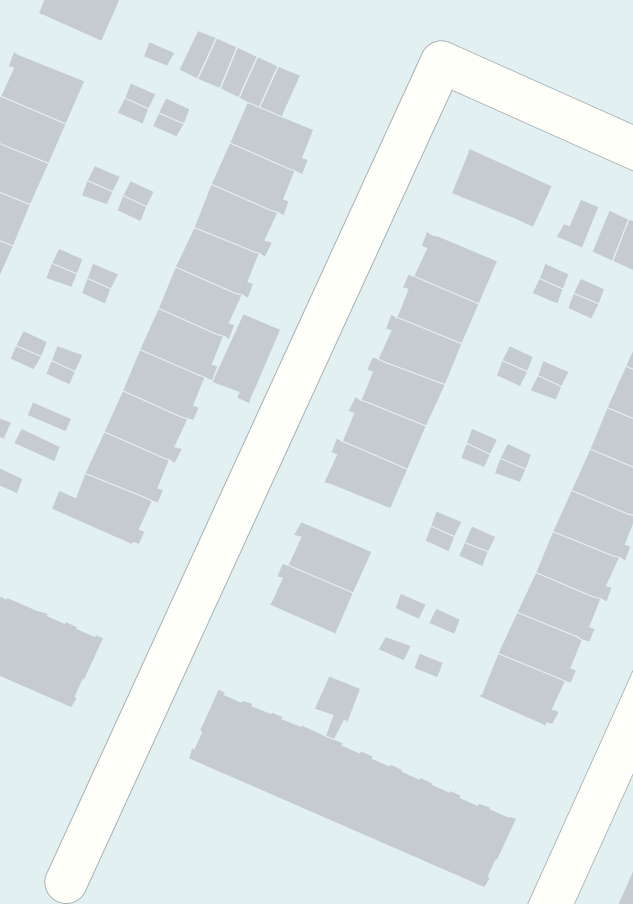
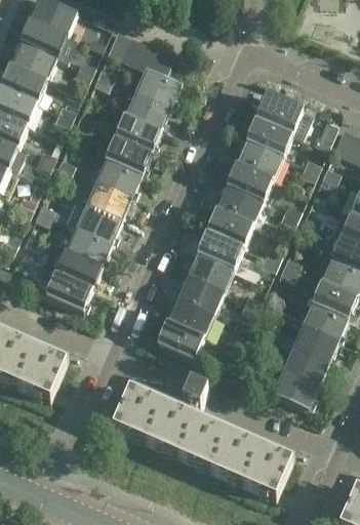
building: none -> [19,17,65,56]
building: none -> [245,116,291,155]
building: [212,313,281,404] -> none
building: none -> [176,274,223,314]

